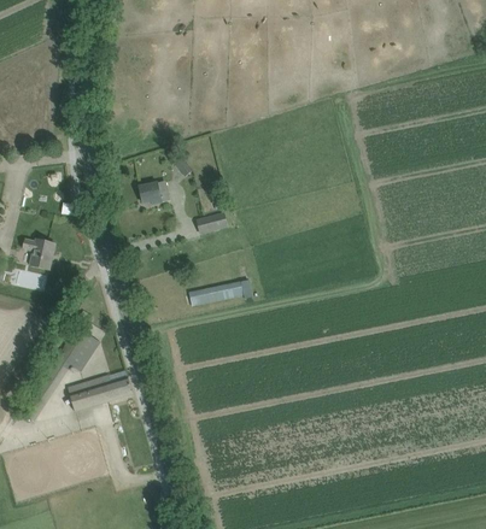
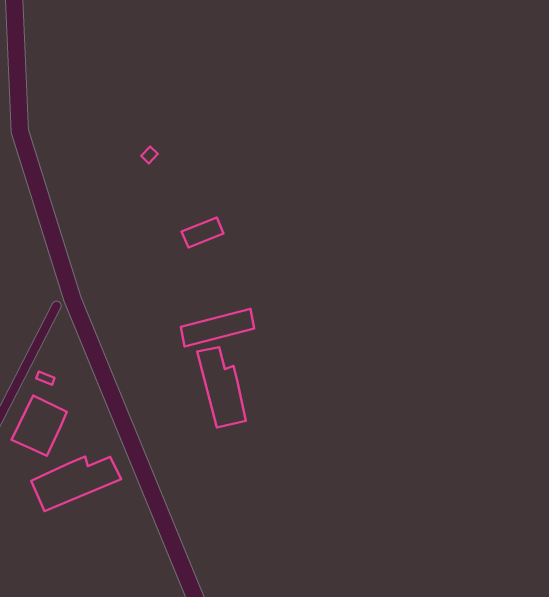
building: [139,181,170,205] -> none
building: none -> [197,347,246,428]

